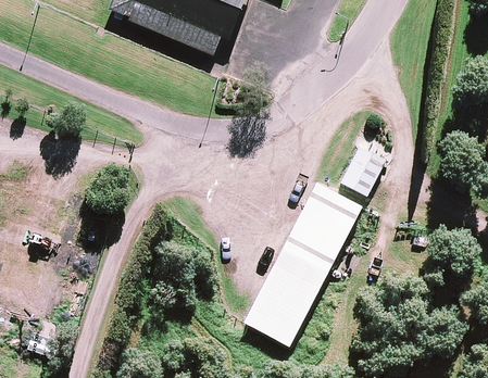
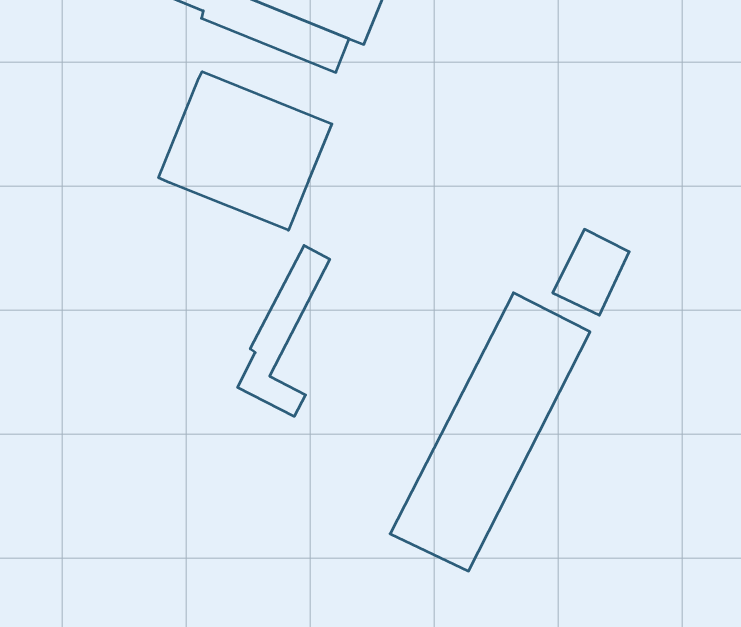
building: none -> [159,72,332,230]
building: none -> [238,245,330,416]

